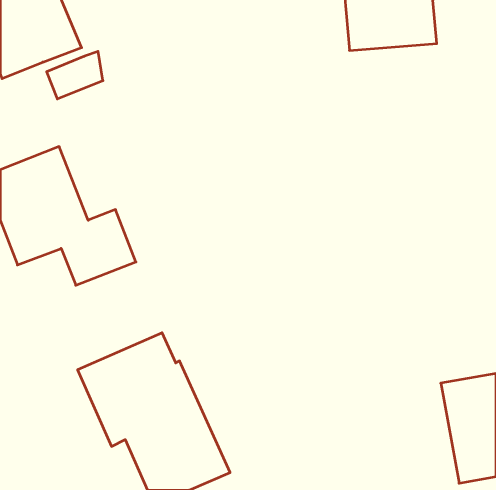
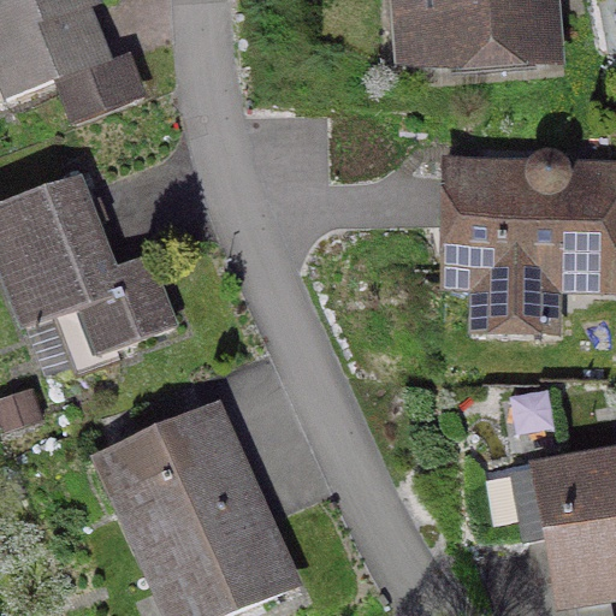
building: none -> [446,158,605,331]

